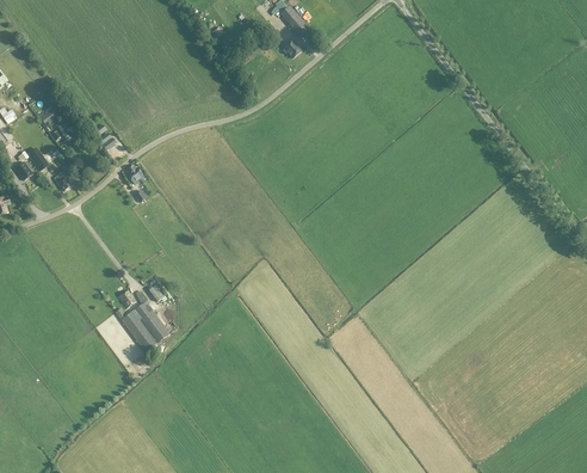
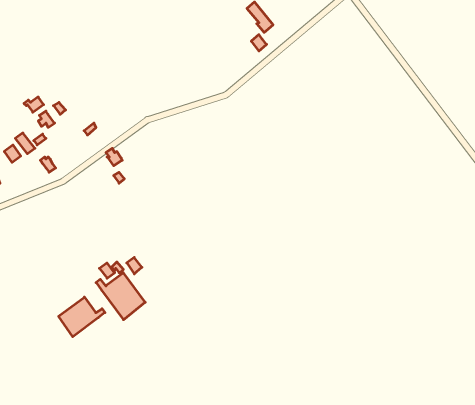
building: none -> [59,297,105,337]

